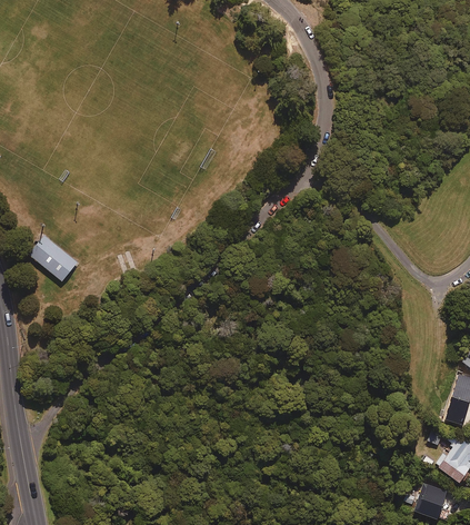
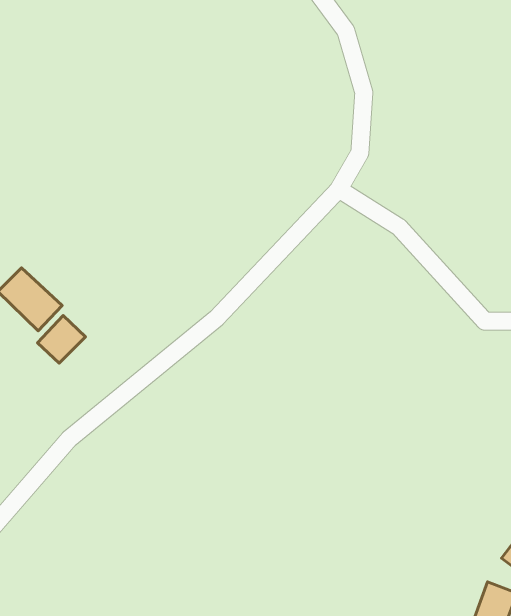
building: none -> [38,316,85,363]

